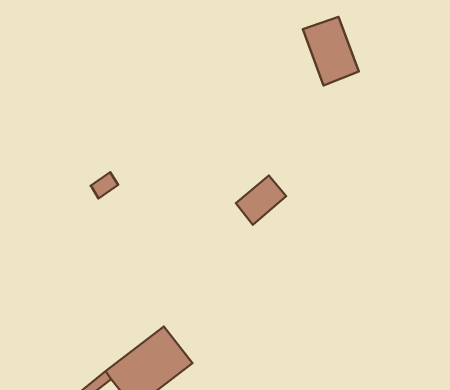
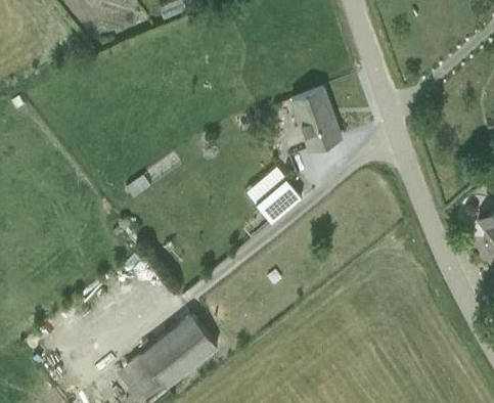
building: [303,17,359,85] -> [290,89,341,150]

